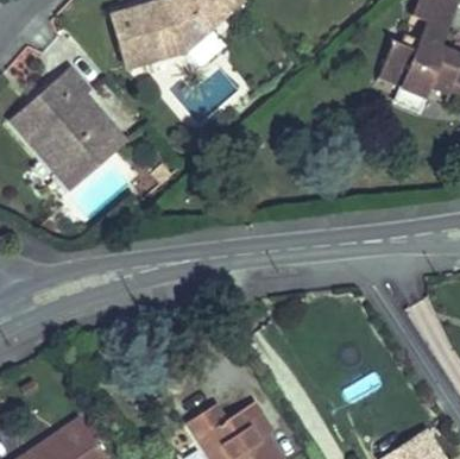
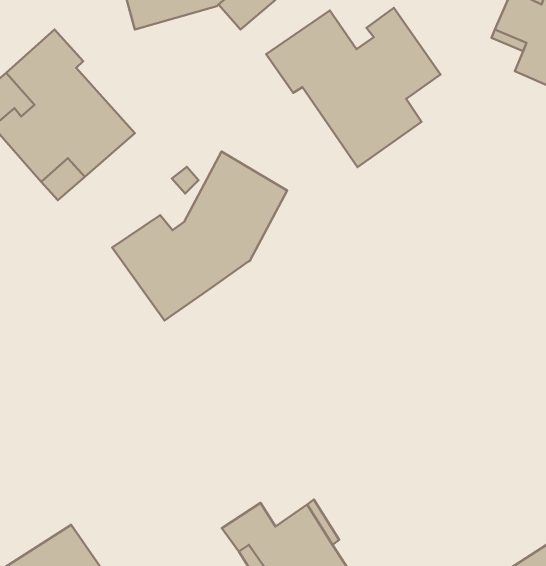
building: none -> [266,8,441,167]
building: none -> [112,152,287,321]

